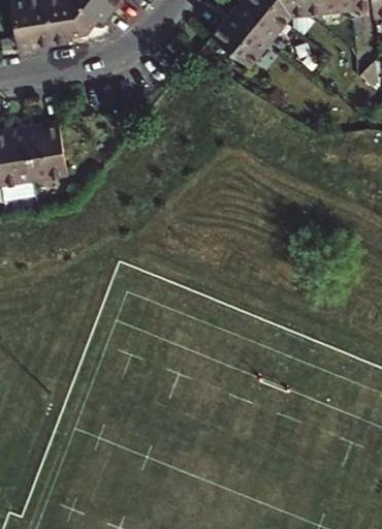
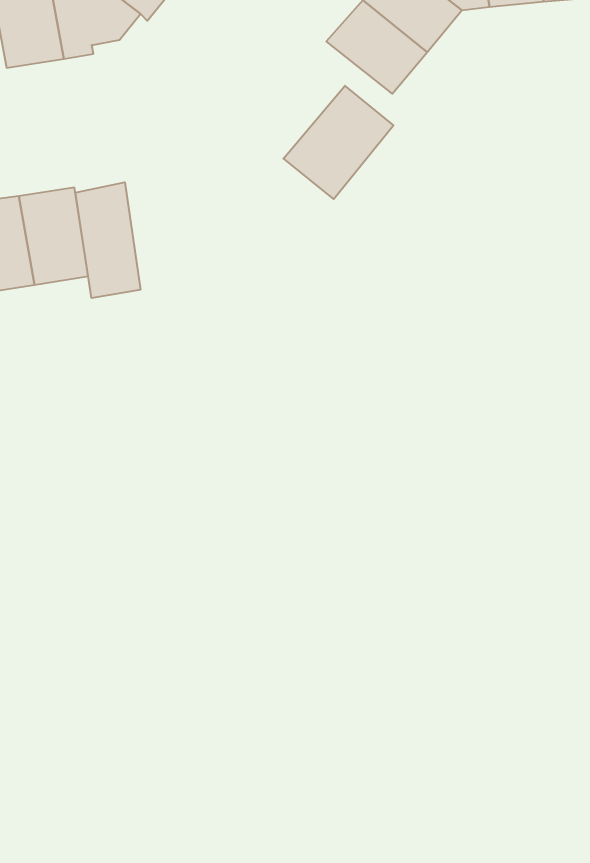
building: none -> [283,86,393,199]
building: none -> [75,182,140,298]

